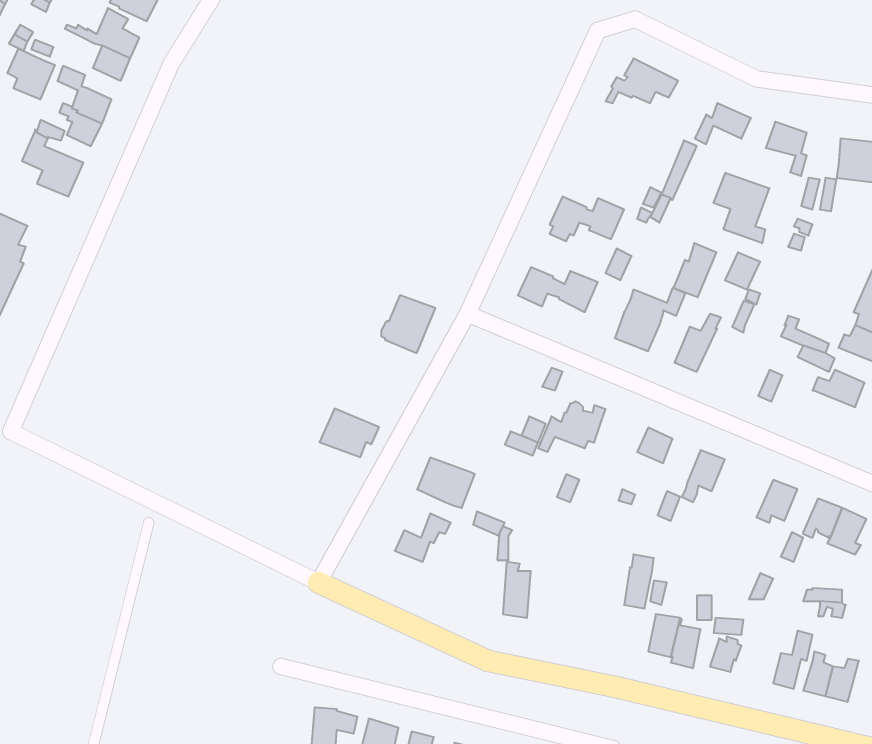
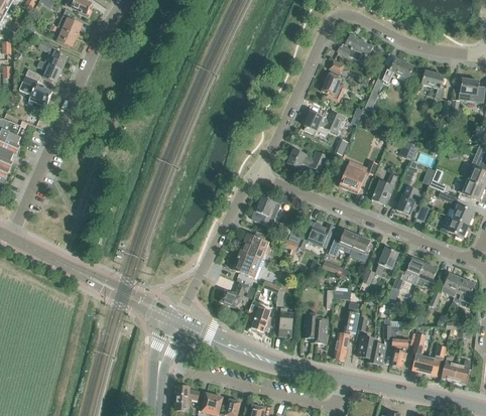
building: [7,48,55,100] -> none
building: none -> [322,59,344,100]
building: [714,173,769,243] -> none
building: [674,243,716,297] -> [395,185,418,215]
building: [381,295,435,353] -> [252,196,281,228]
building: none -> [440,215,469,239]
building: [319,409,379,457] -> [239,233,271,259]
building: none -> [329,230,357,255]
building: none -> [388,258,424,302]
building: none -> [249,303,274,331]
building: none -> [302,313,328,343]
building: none -> [333,330,350,361]
building: none -> [411,332,429,373]

